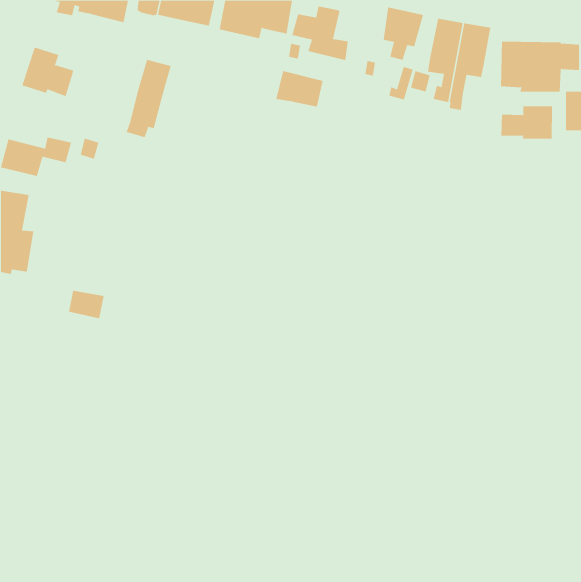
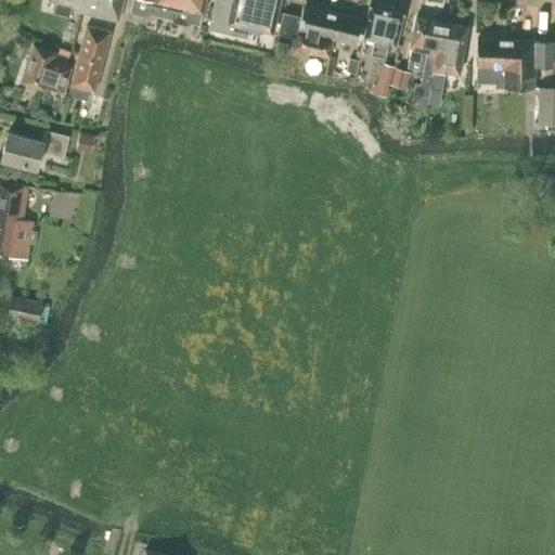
building: [126,59,171,138] -> [68,25,112,100]
building: [276,71,323,107] -> [319,10,364,44]
building: [501,105,552,140] -> none
building: [68,290,105,319] -> [8,296,42,323]

